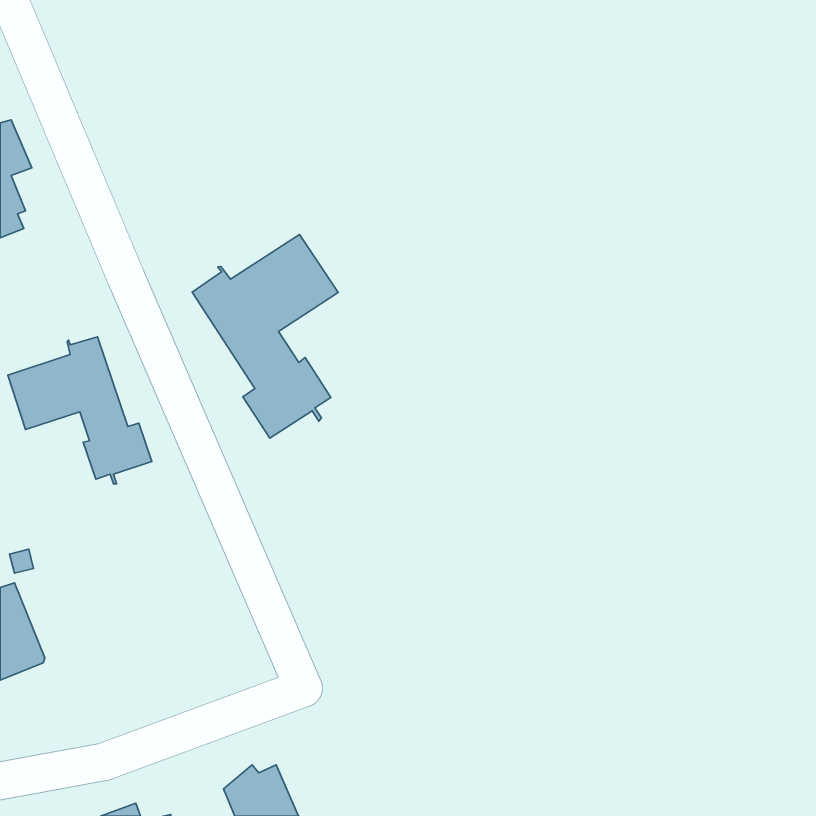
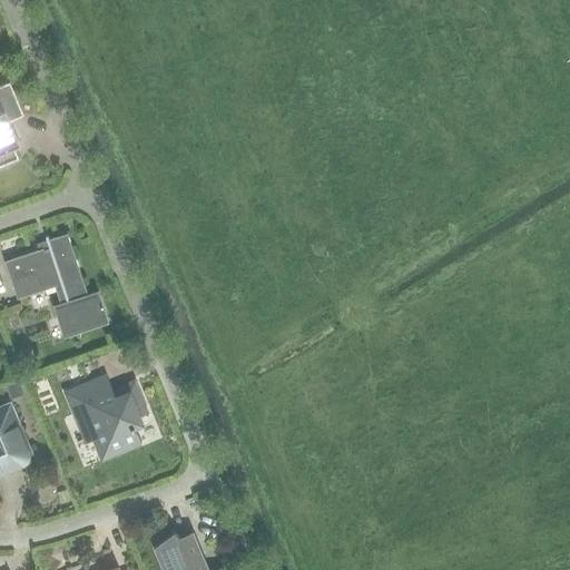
building: [192,235,338,438] -> none
building: none -> [67,382,147,460]

